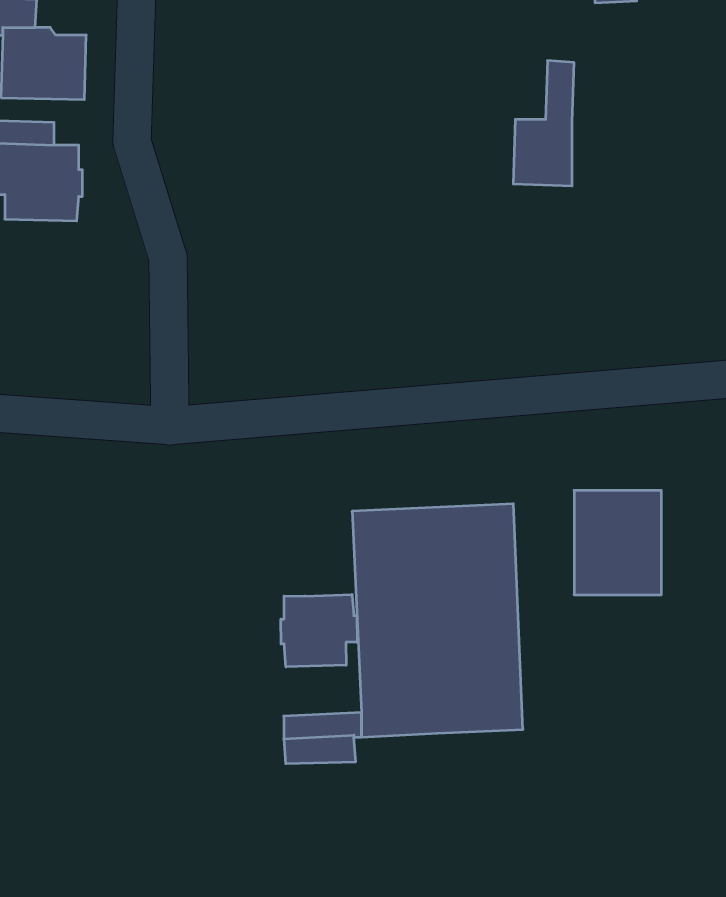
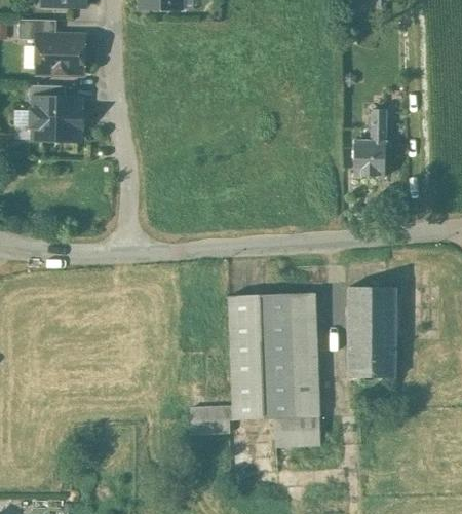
building: [513,61,574,186] -> [353,109,386,177]
building: [281,594,357,667] -> none
building: none -> [347,342,394,376]
building: none -> [273,415,320,446]

